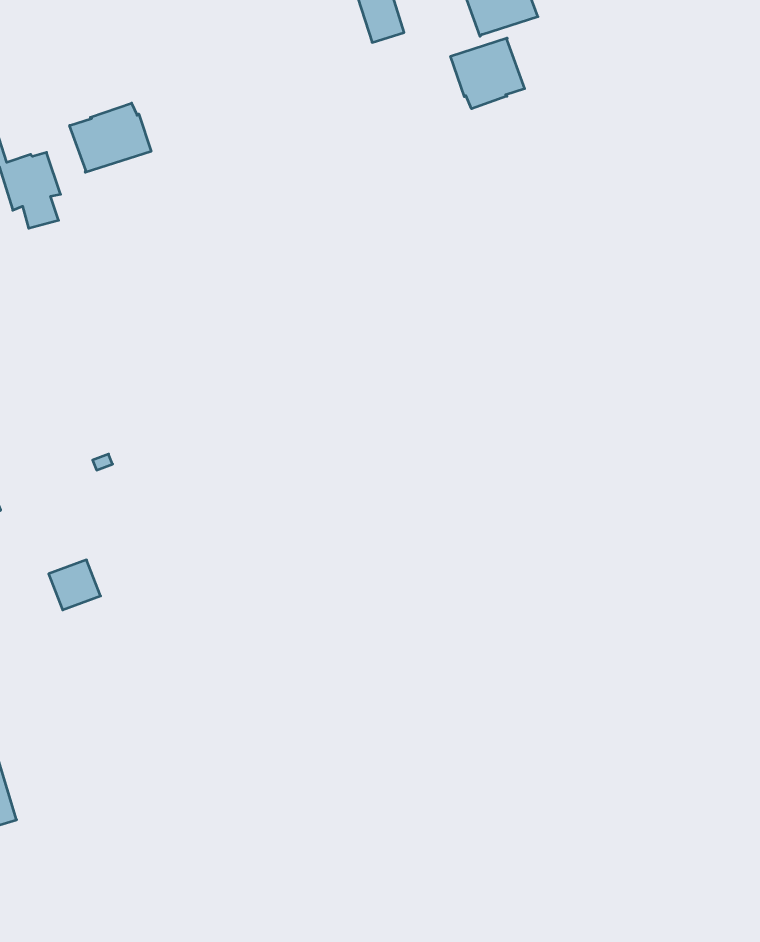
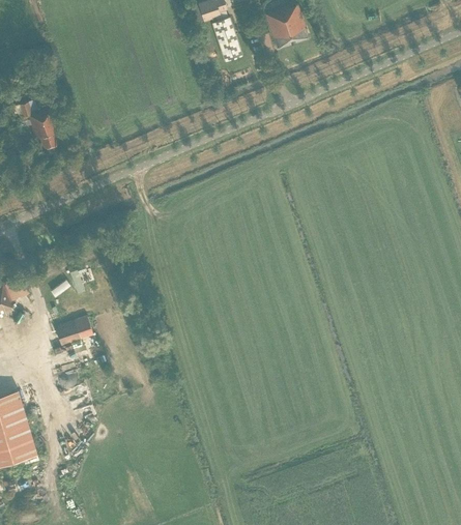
building: [451,38,525,109] -> none
building: [70,103,151,172] -> none

